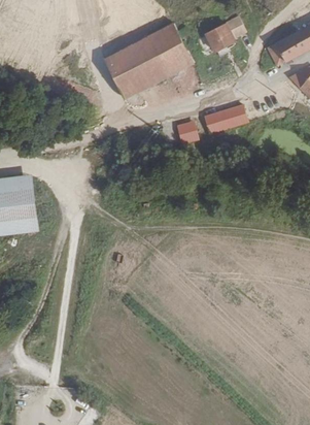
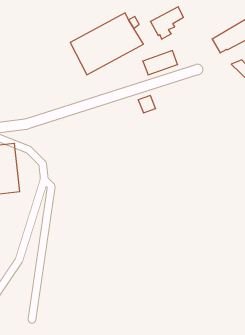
building: [205,98,246,127] -> [143,51,178,75]

